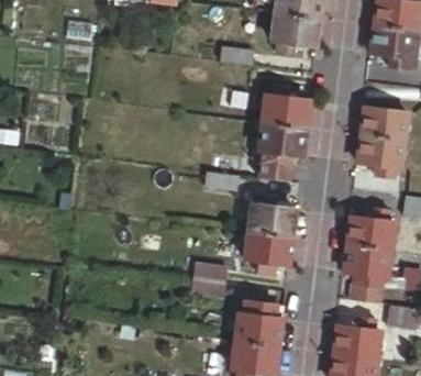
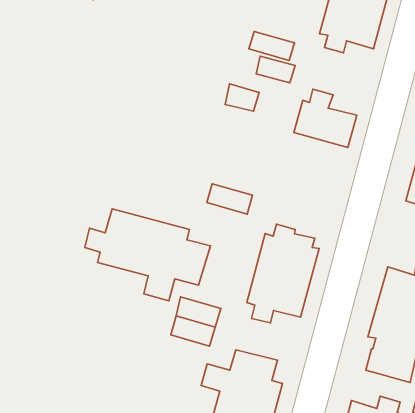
building: [255,121,307,181] -> none
building: none -> [85,209,210,301]

